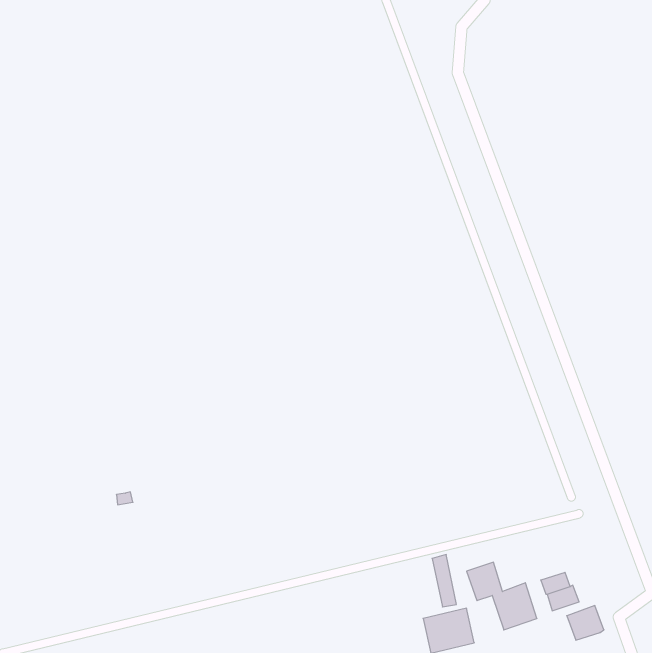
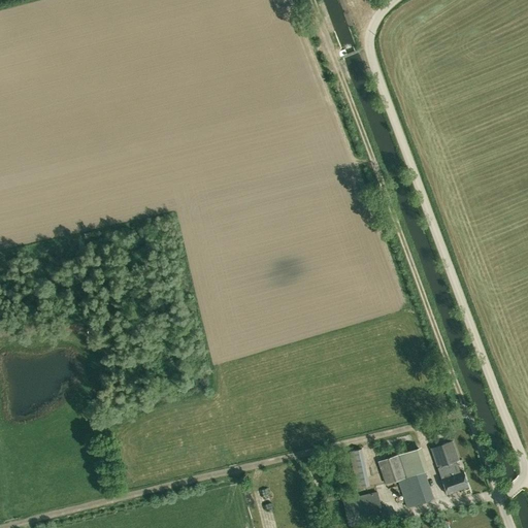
building: none -> [398,448,425,477]
building: [567,606,604,640] -> [429,440,459,468]

